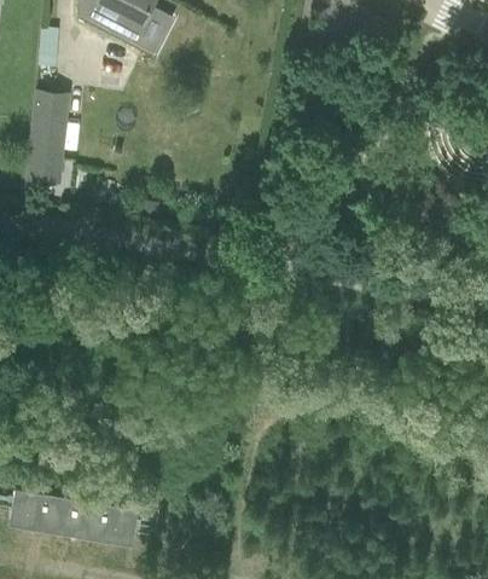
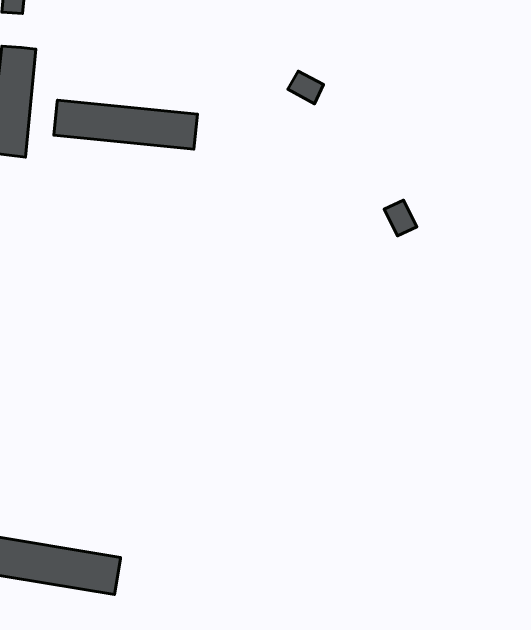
building: none -> [54,100,197,149]

